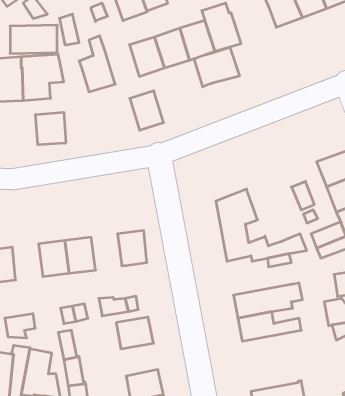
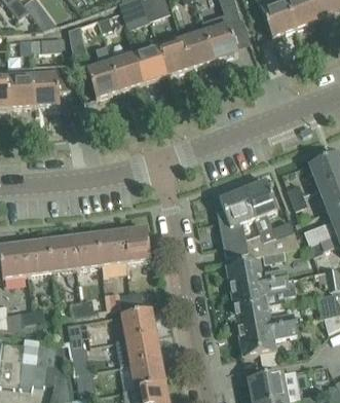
building: [194,47,239,87] -> none
building: [130,91,164,130] -> [111,53,143,90]
building: [36,112,66,145] -> none
building: none -> [243,180,277,243]
building: none -> [98,231,127,276]
building: none -> [24,241,52,274]
building: none -> [227,260,287,289]
building: none -> [239,322,297,355]
building: none -> [115,334,160,367]

